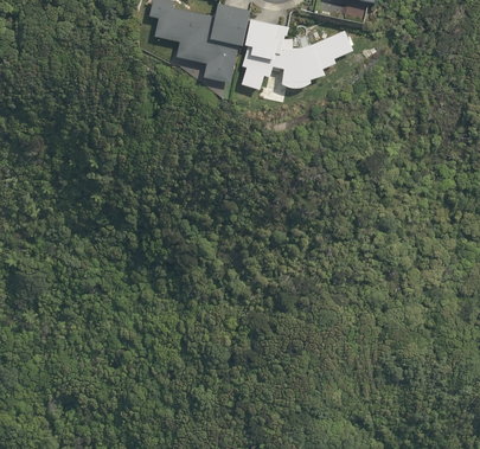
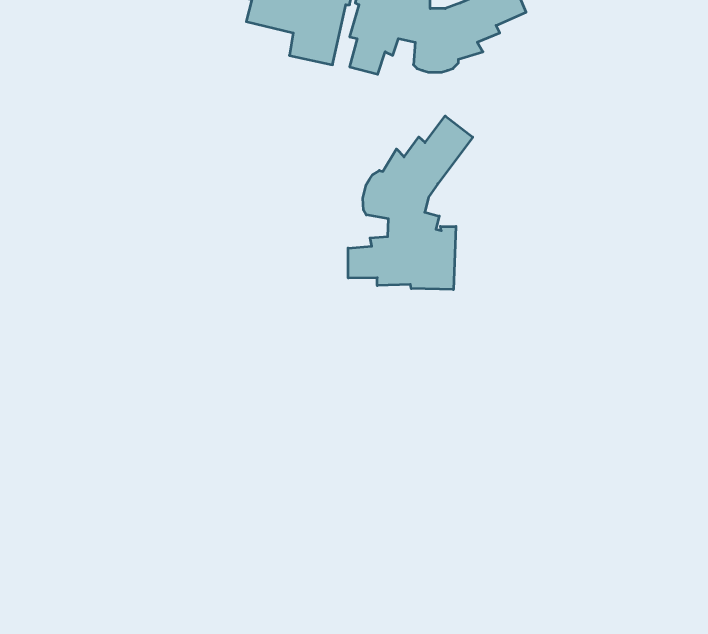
building: none -> [348,116,473,290]

